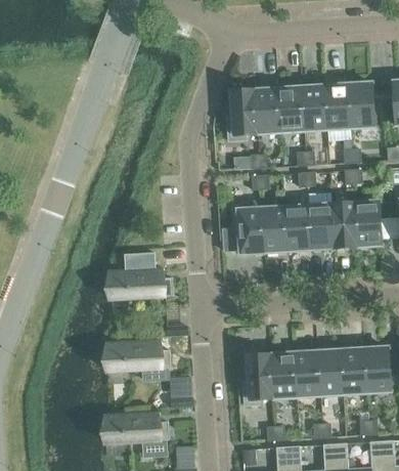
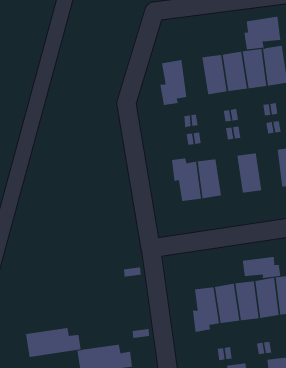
building: none -> [244,16,281,50]
building: [255,88,280,133] -> none
building: [331,202,357,248] -> none
building: [284,205,311,250] -> none
building: [110,252,173,299] -> none
building: none -> [242,256,281,279]
building: [107,340,171,371] -> [25,328,81,357]

